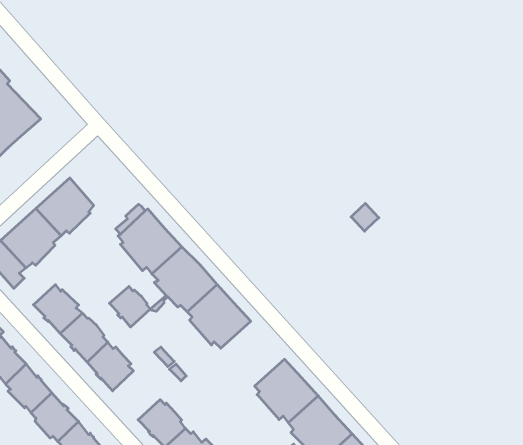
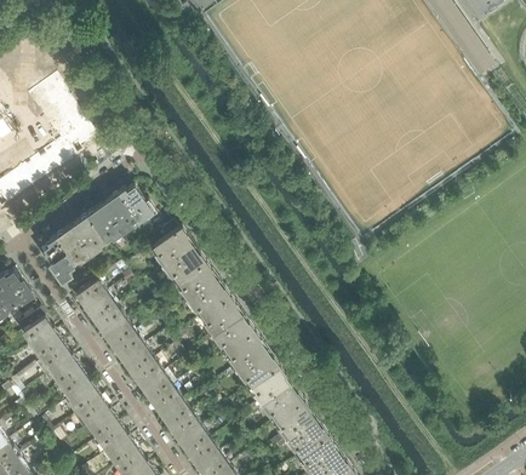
building: none -> [119,188,156,223]
building: [109,286,150,327] -> none
building: none -> [227,333,279,388]
building: none -> [132,362,176,404]

